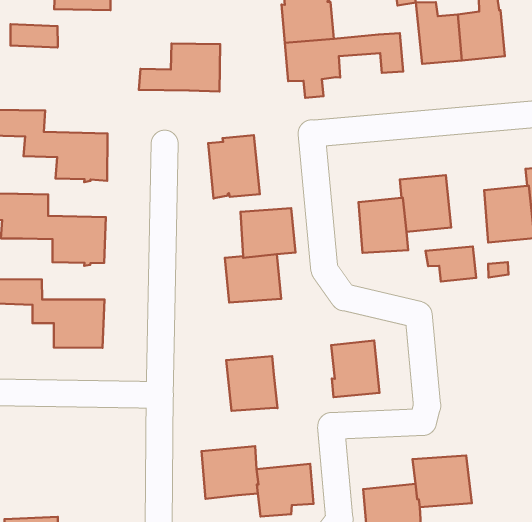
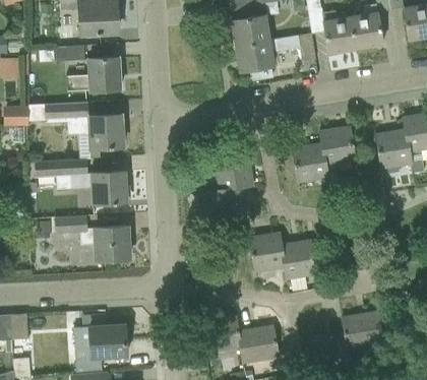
building: [139,44,220,91] -> [67,57,121,91]
building: [208,135,260,199] -> none
building: [425,247,476,281] -> none
building: [226,356,277,411] -> [249,233,286,271]
building: none -> [73,324,127,371]

